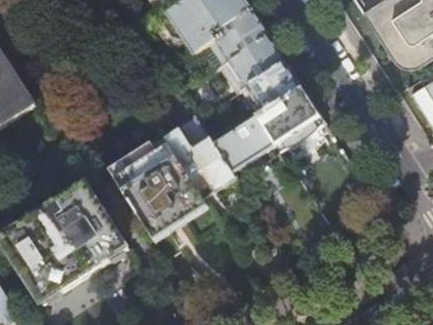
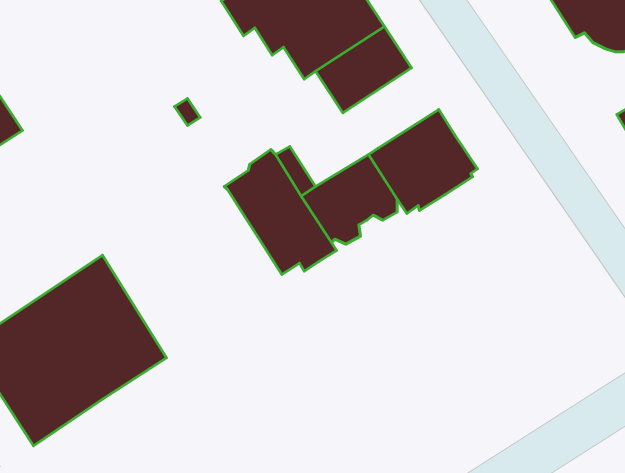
building: [240,60,302,112] -> none
building: [111,138,204,233] -> none

